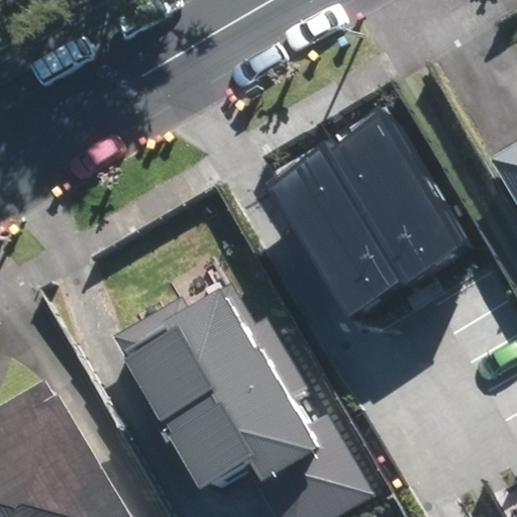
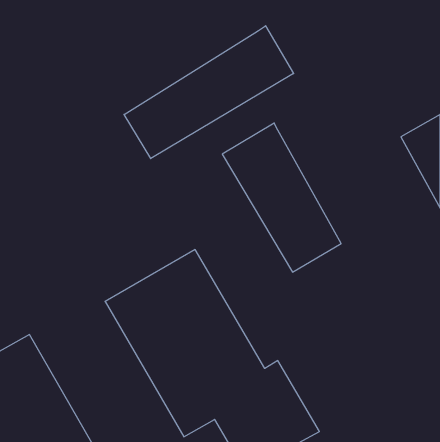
building: none -> [124,26,294,159]
building: [323,112,457,285] -> none

